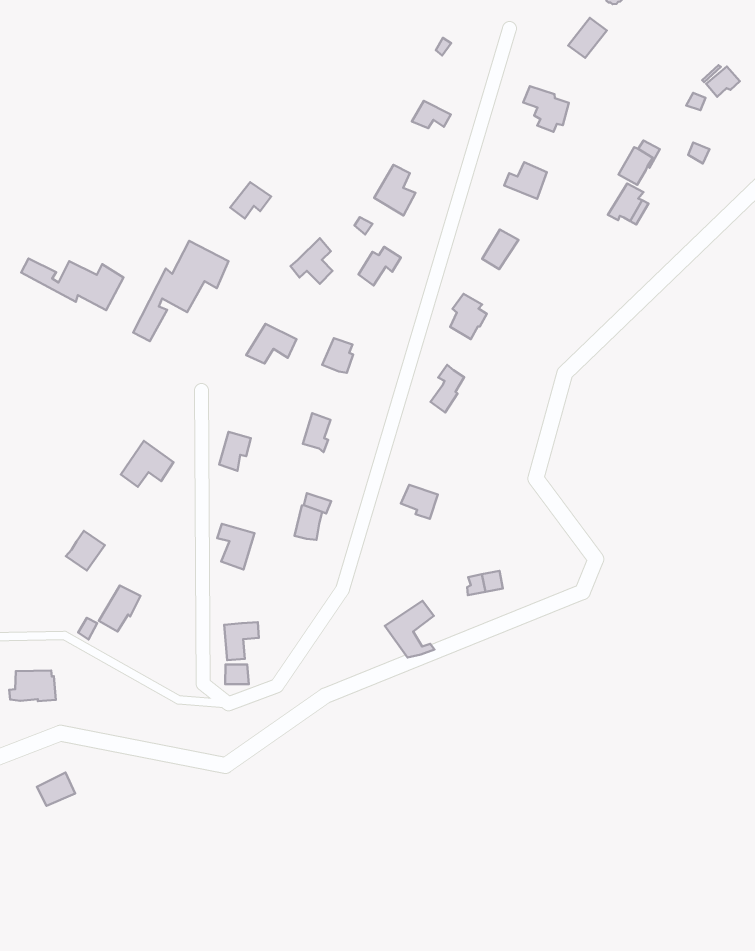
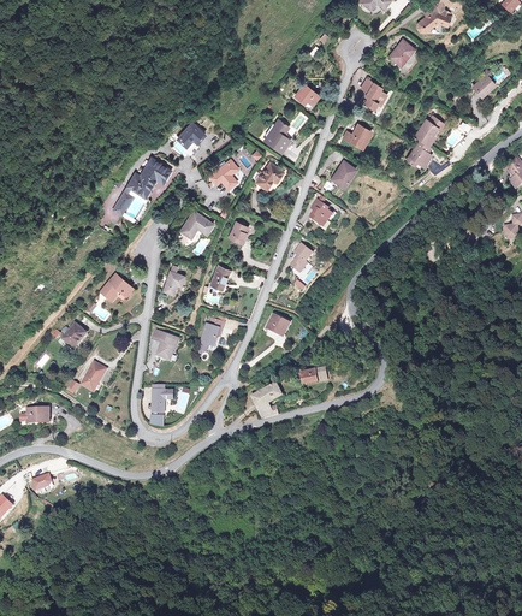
building: [21,259,124,310] -> none

